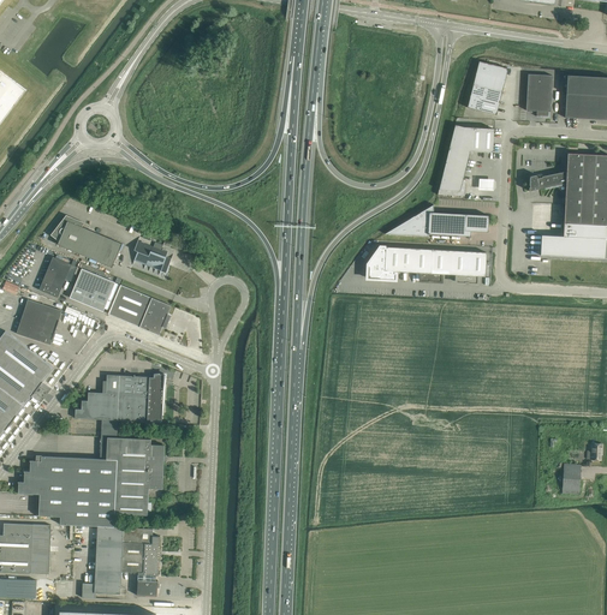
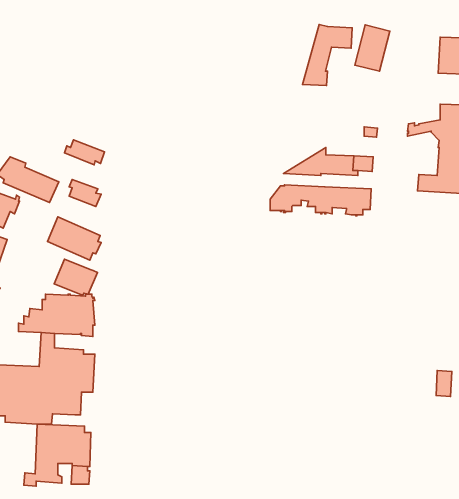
building: [525,73,552,115] -> none
building: [436,125,494,196] -> [303,25,352,85]
building: none -> [65,140,105,165]
building: [69,268,119,310] -> [54,259,97,295]

